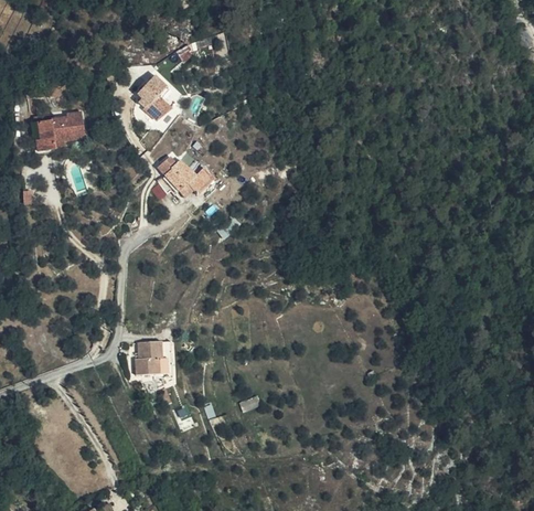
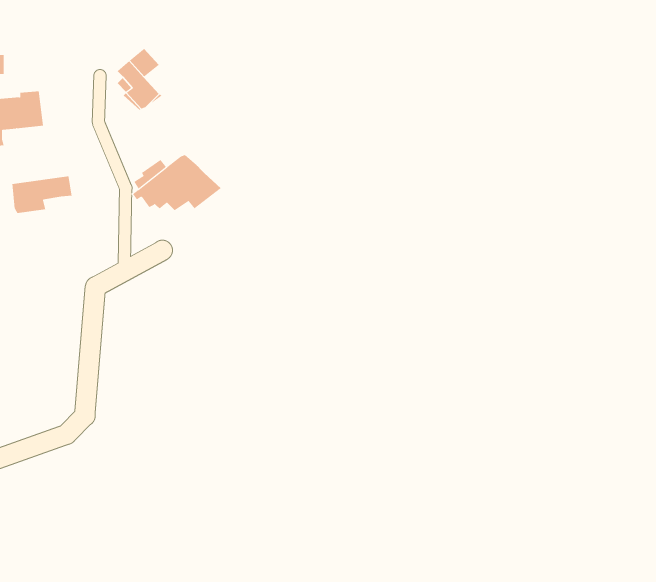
building: none -> [12,176,72,214]
building: [130,342,168,379] -> none

